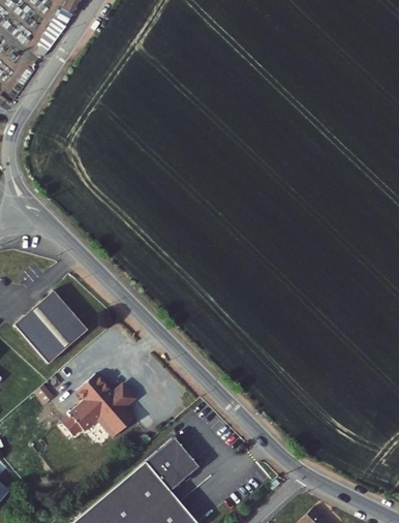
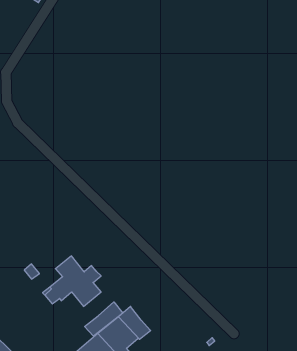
building: [16,290,89,364] -> none
building: none -> [85,302,123,336]

